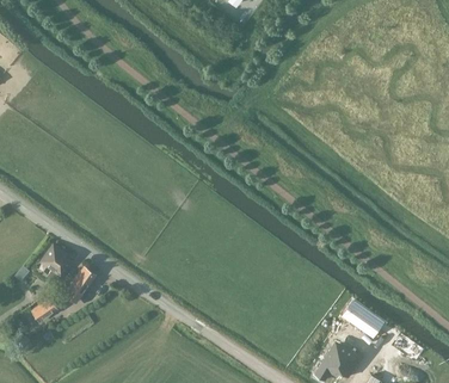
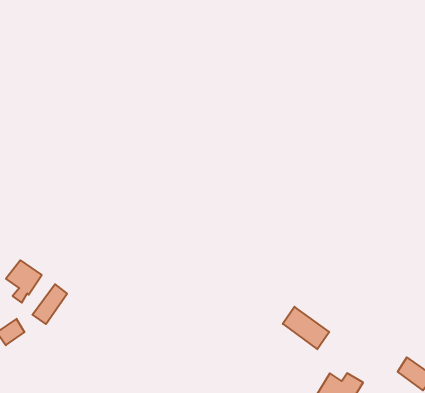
building: [343,298,385,336] -> [283,307,329,349]

